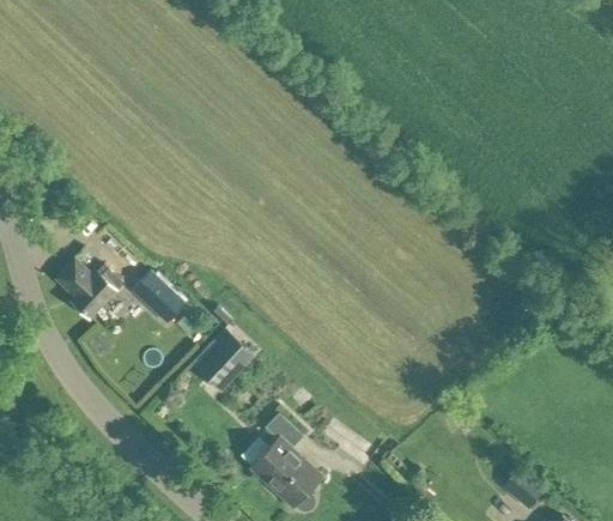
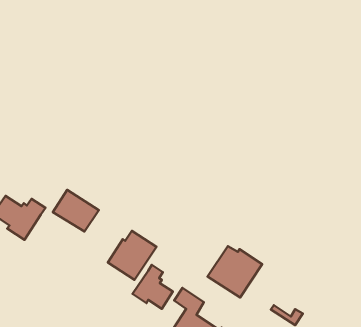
building: none -> [208,246,262,297]
building: none -> [133,265,173,309]

